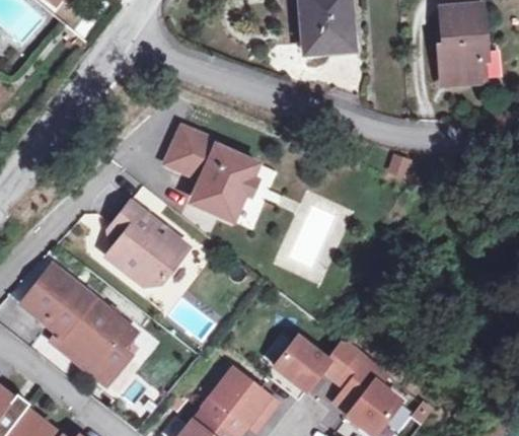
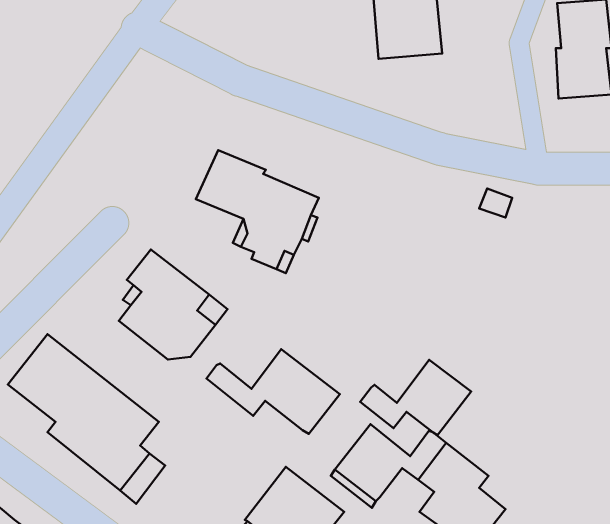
building: none -> [207,349,340,434]
building: none -> [360,360,471,435]

